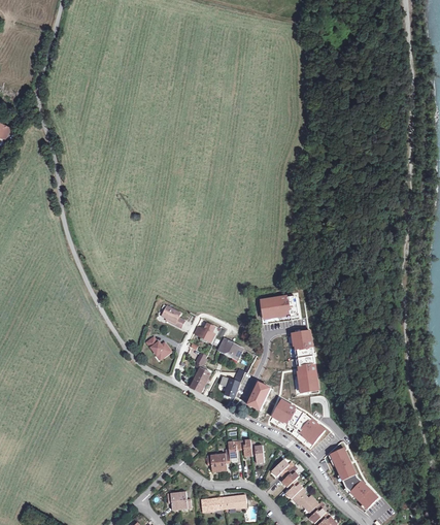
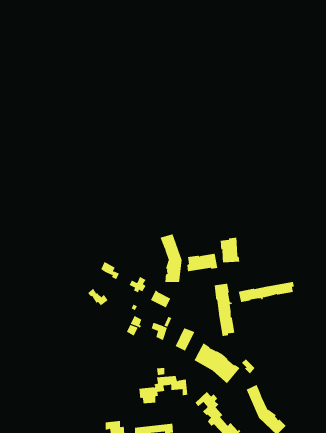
building: none -> [160,234,182,283]
building: none -> [220,237,240,263]
building: none -> [238,281,294,303]

